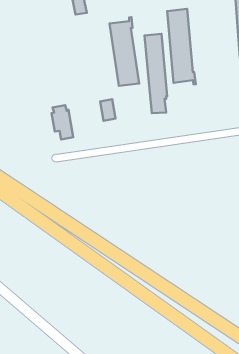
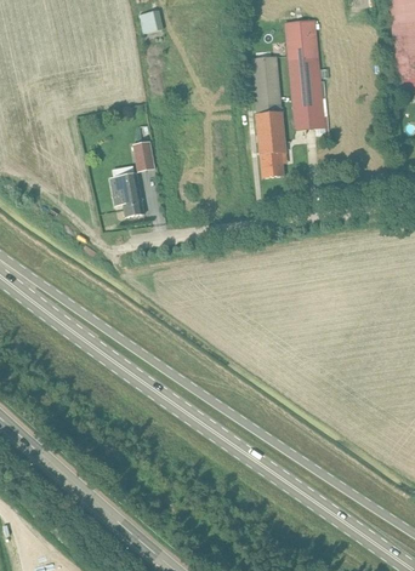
building: [109,17,139,86] -> none
building: [100,99,115,121] -> [132,141,155,173]

